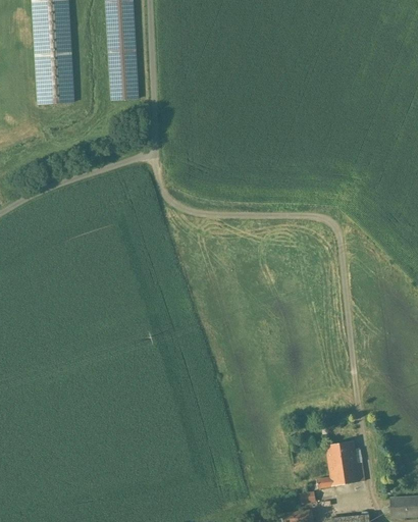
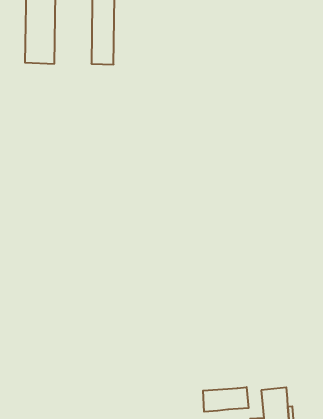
building: none -> [203,387,249,412]

